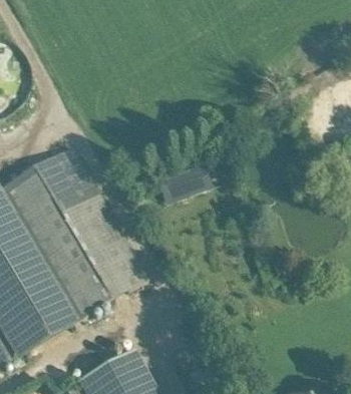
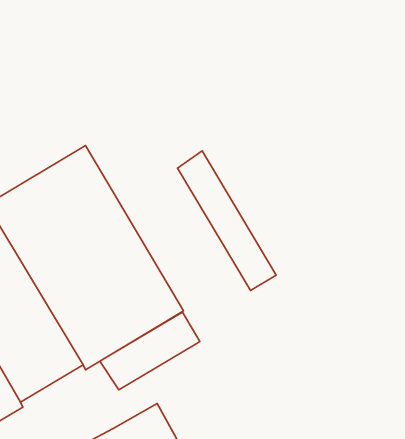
building: none -> [177,151,276,290]
building: none -> [100,312,200,390]

